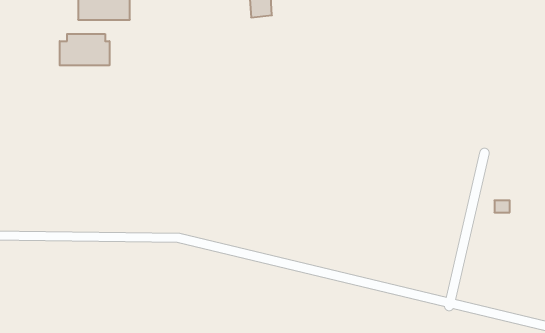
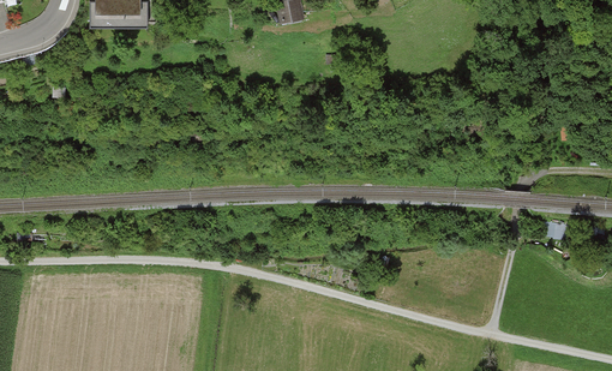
building: [60,34,109,65] -> none

